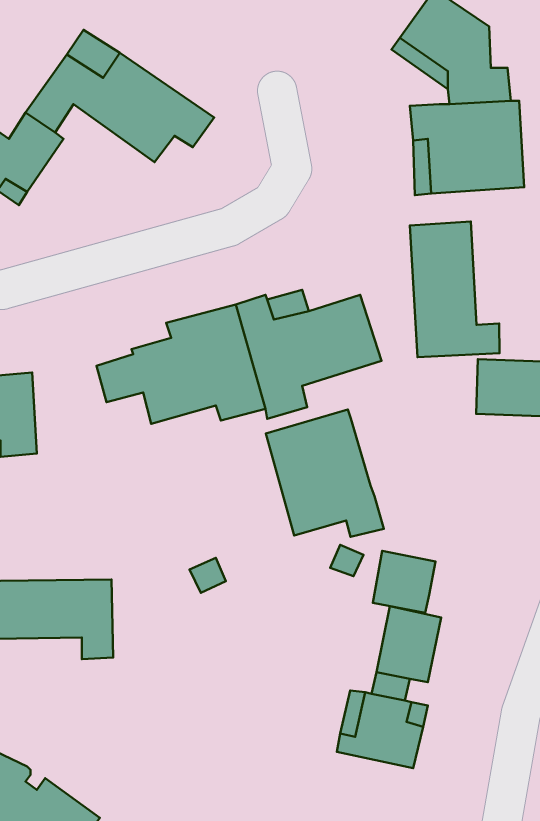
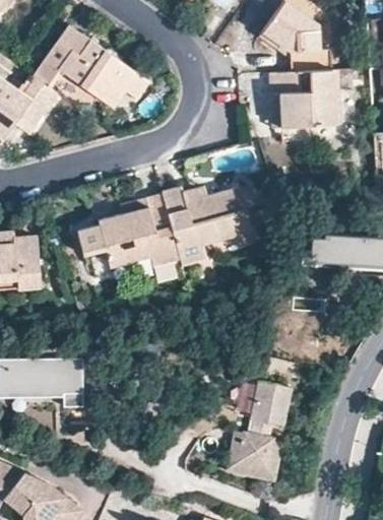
building: [410,221,500,357] -> none
building: [266,409,384,537] -> none
building: [373,551,436,613] -> none

